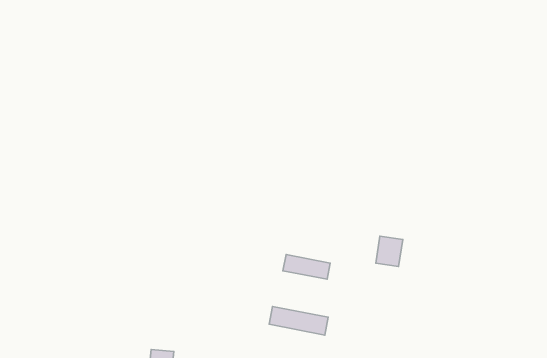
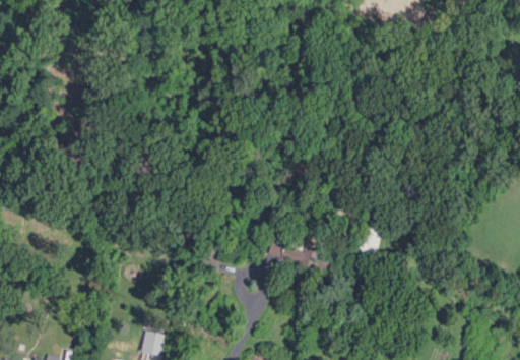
building: [269,306,328,335] -> none

